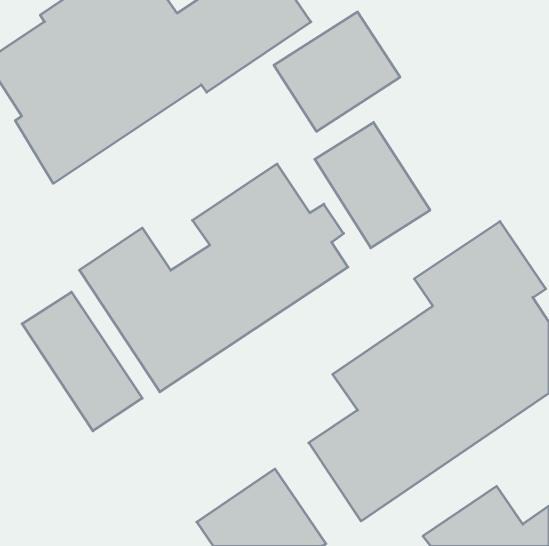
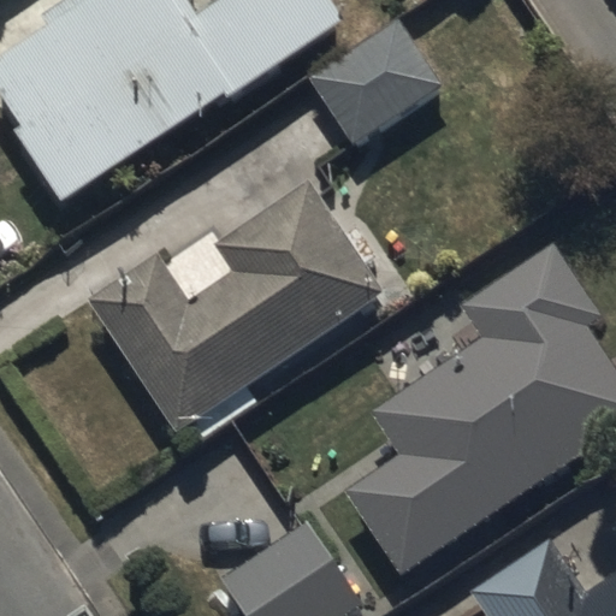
building: [315,122,430,248] -> none
building: [22,292,142,431] -> none

